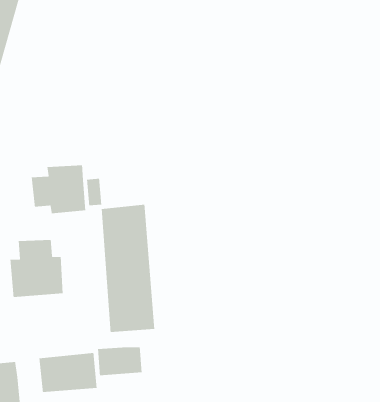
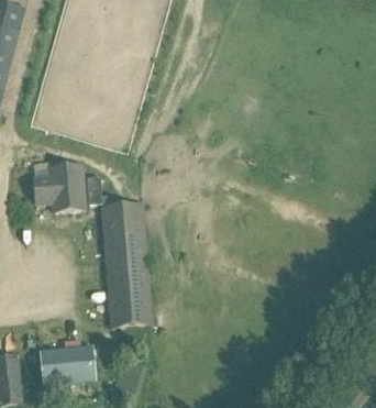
building: [9,239,63,298] -> none
building: [97,346,143,376] -> none

